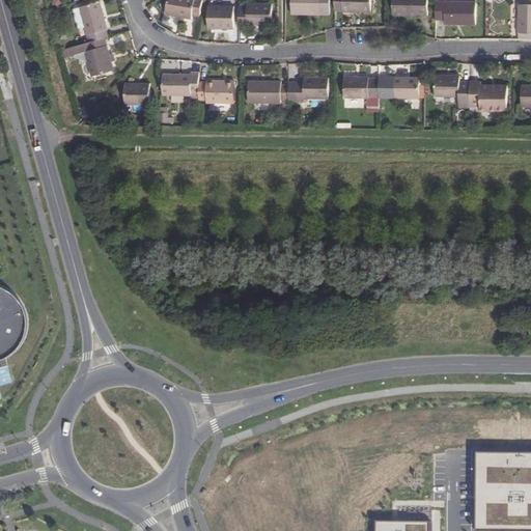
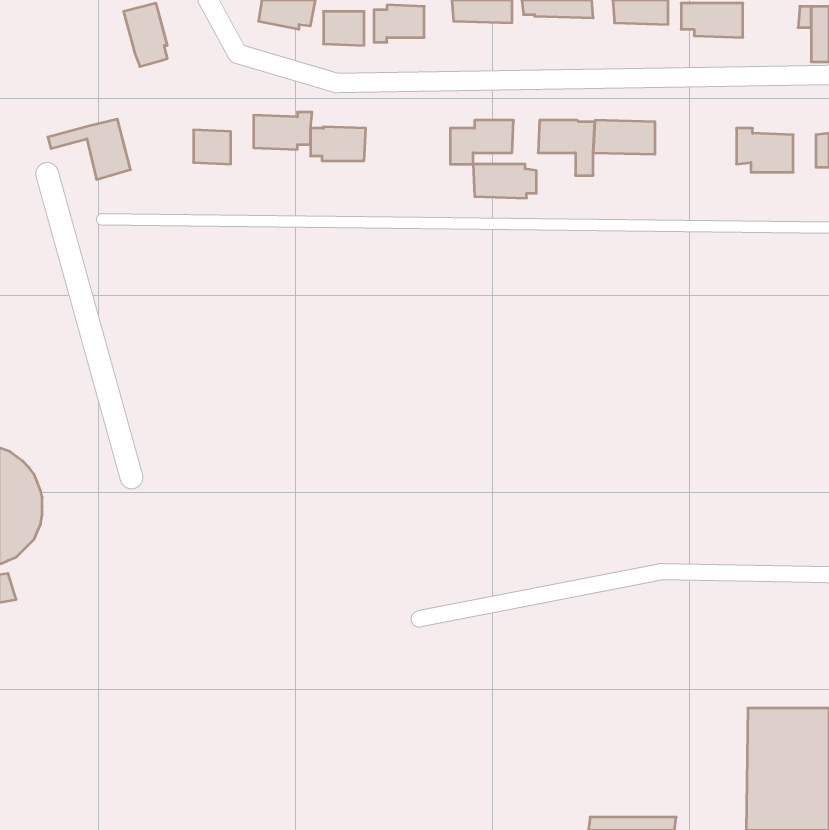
building: [59,38,112,77] -> [48,119,131,179]
building: [435,76,470,108] -> none
building: [247,81,287,103] -> [473,164,536,198]

